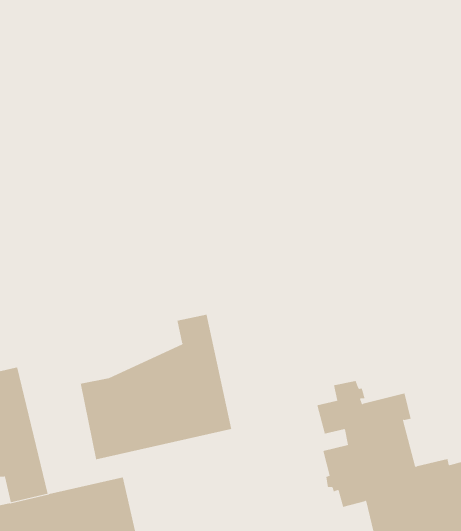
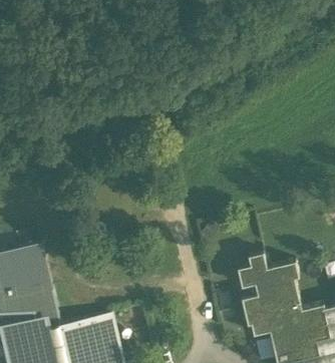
building: [80,314,232,460] -> none

